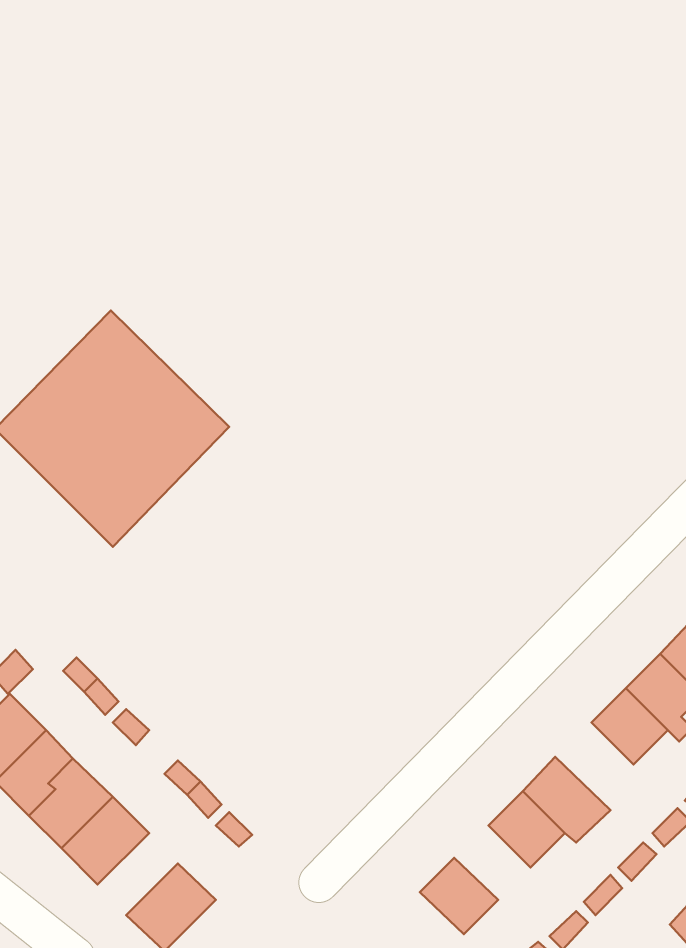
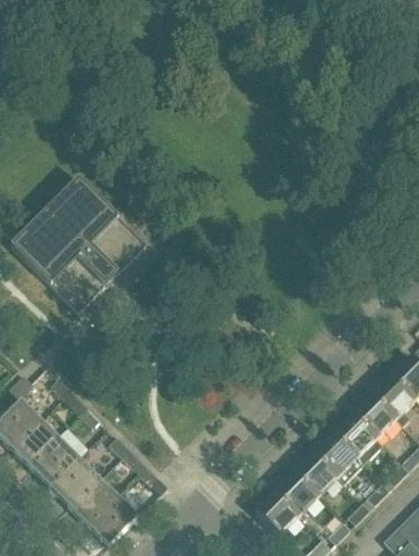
building: none -> [331,415,382,465]
building: none -> [274,473,317,516]
building: none -> [71,478,116,525]

